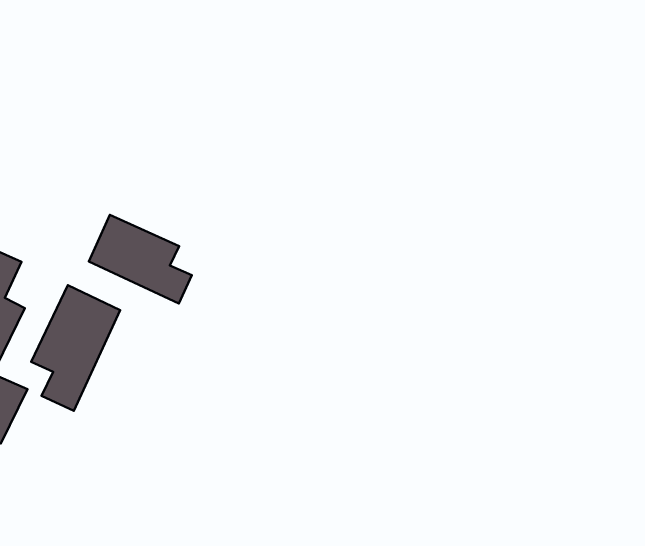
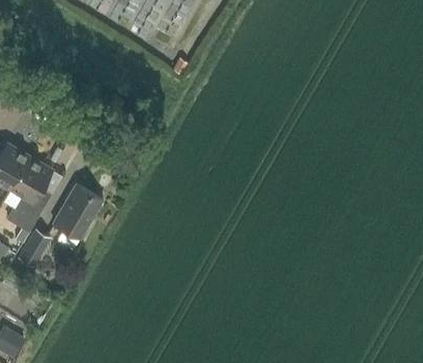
building: [89,215,192,304] -> none

